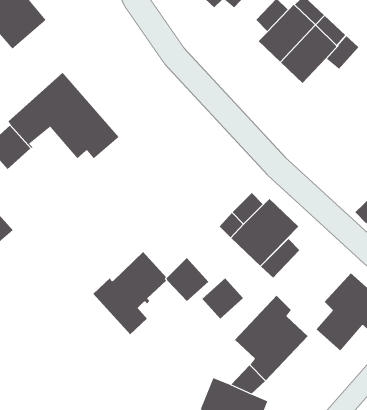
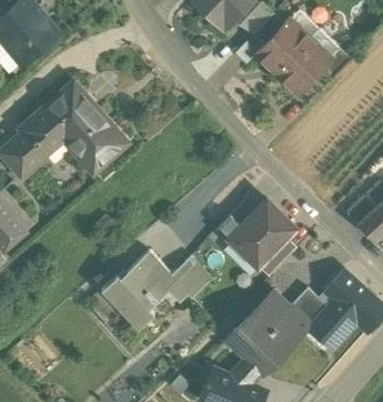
building: [201,277,244,320] -> none
building: none -> [283,288,325,331]

